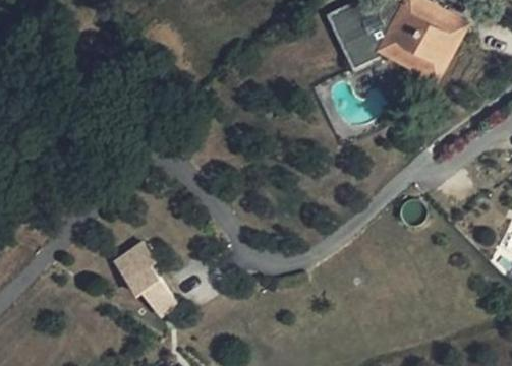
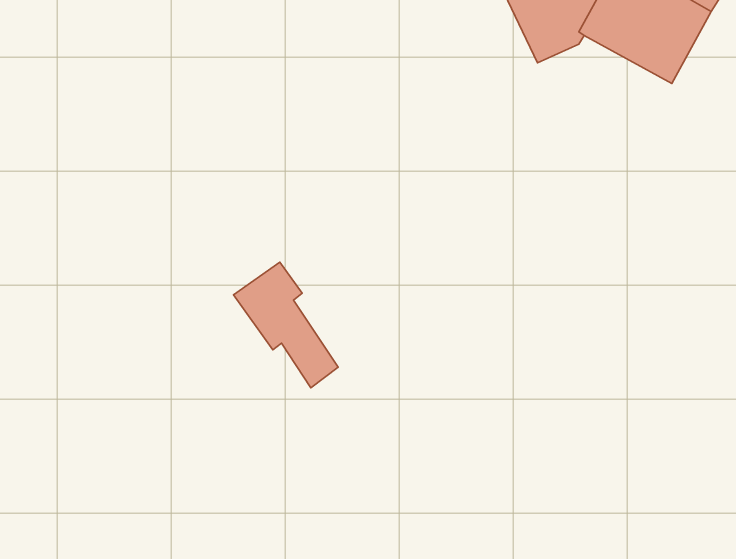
building: [113,243,175,317] -> [233,262,338,388]

